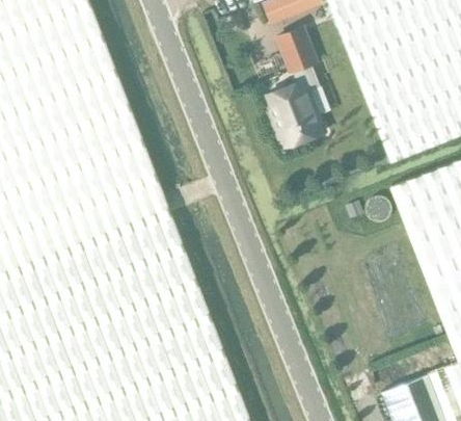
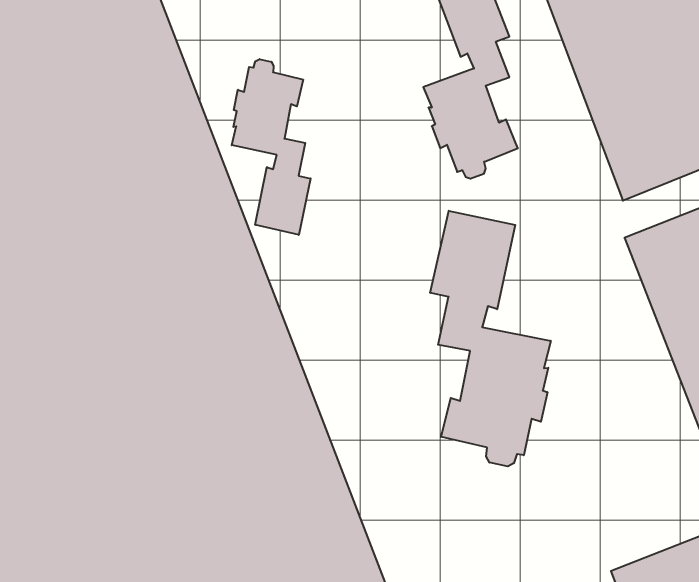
building: none -> [232,59,311,235]
building: none -> [430,211,551,466]

